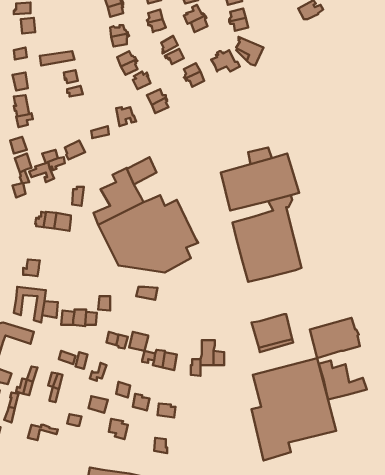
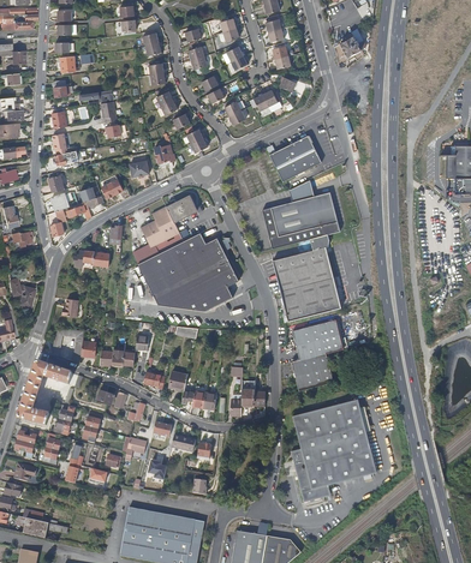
building: none -> [268,134,320,181]
building: [310,318,360,358] -> [293,319,344,360]
building: [319,361,367,400] -> none

